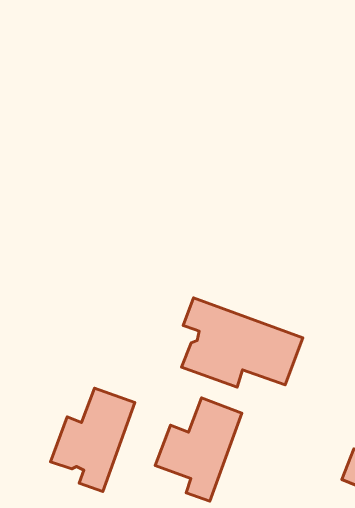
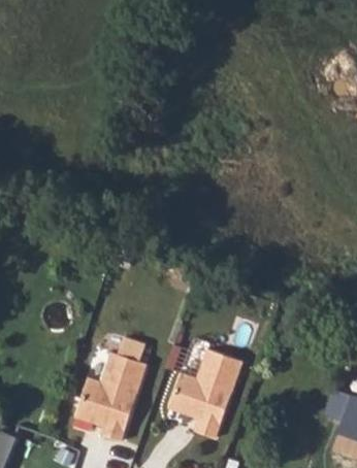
building: [182,298,303,387] -> none

